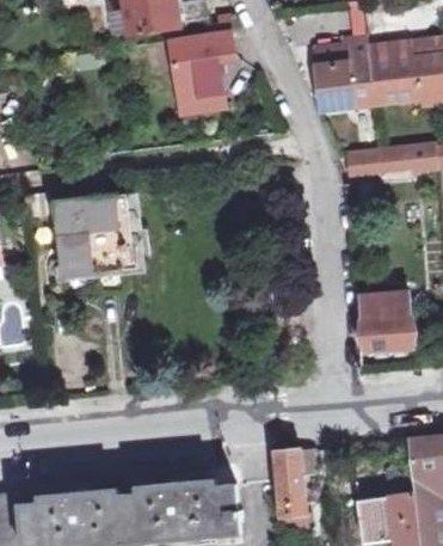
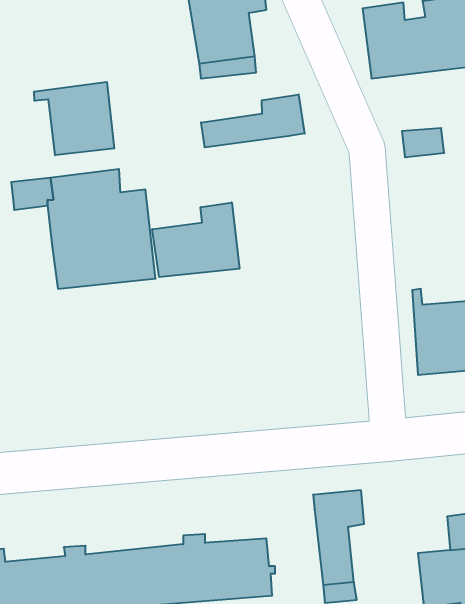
building: none -> [34,82,114,155]
building: none -> [201,94,305,147]
building: none -> [152,202,239,277]

